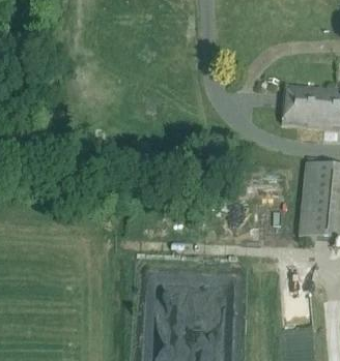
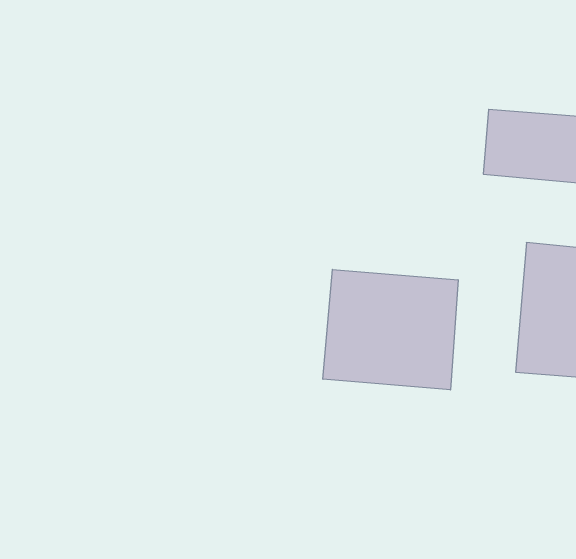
building: none -> [323,269,458,390]

